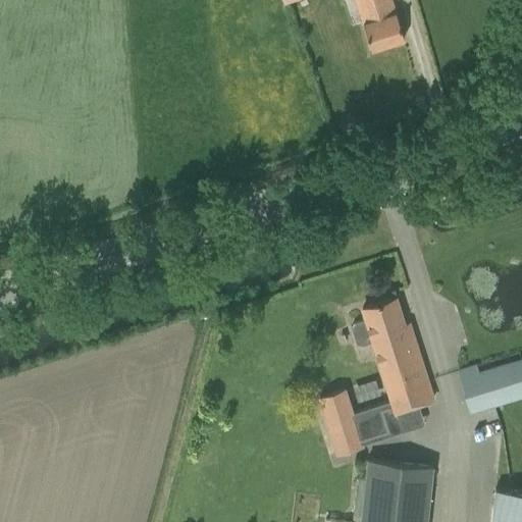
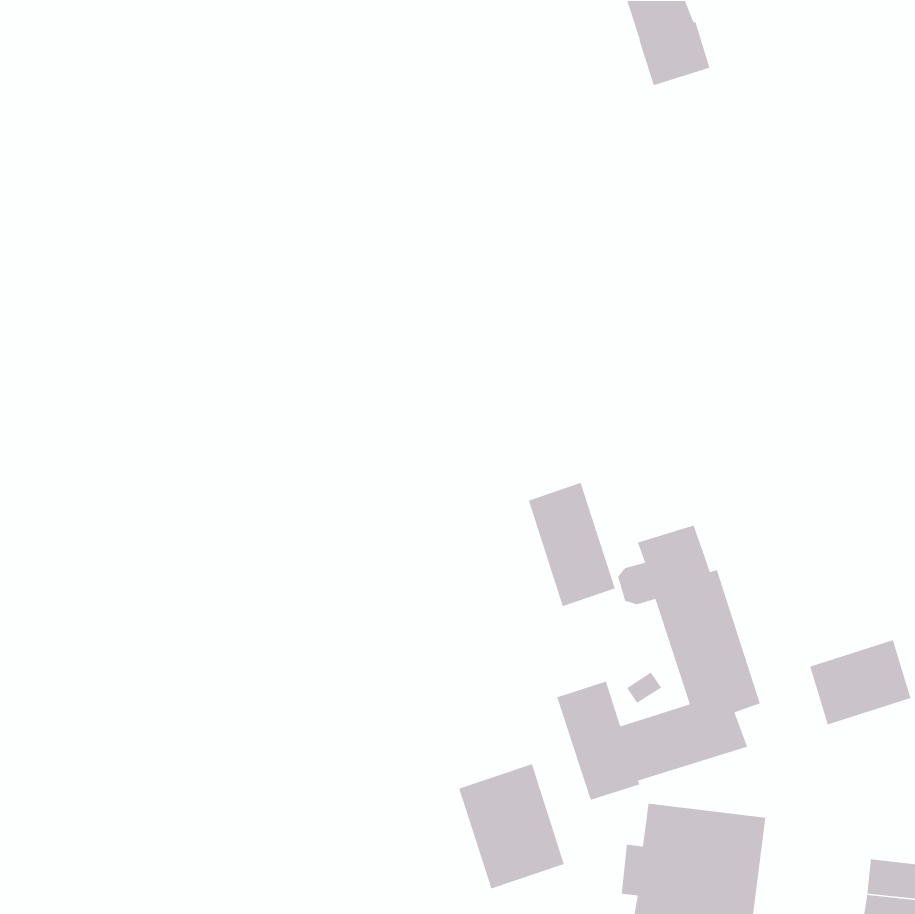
building: none -> [528,482,616,607]
building: none -> [458,763,565,889]

